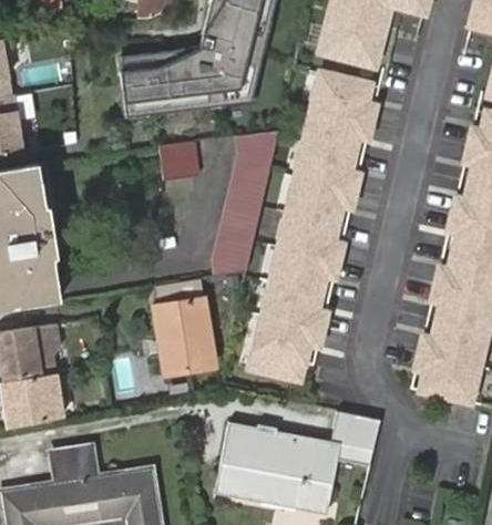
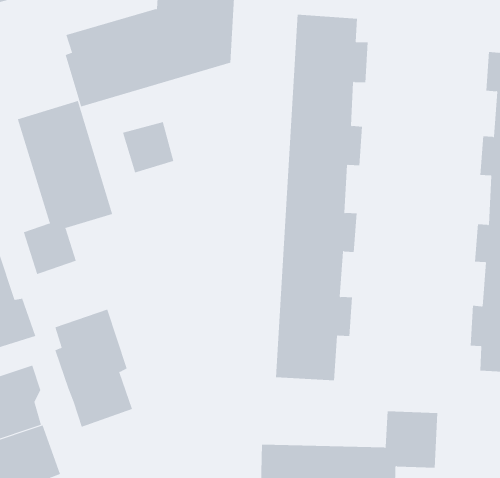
building: none -> [17,100,113,275]
building: [212,131,280,277] -> none
building: [152,280,209,374] -> [54,309,133,427]

